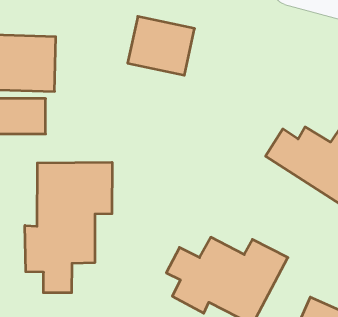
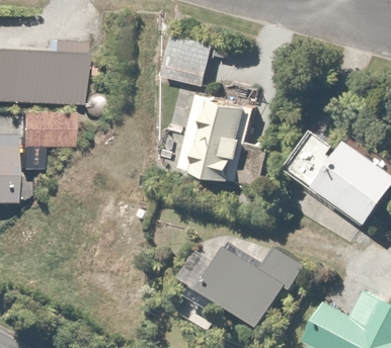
building: none -> [166,88,249,181]
building: [25,162,112,293] -> none

